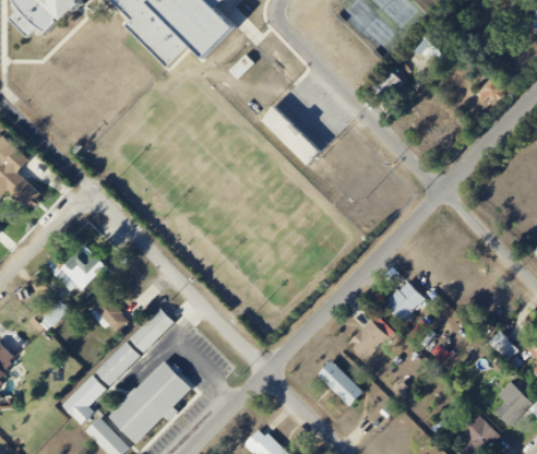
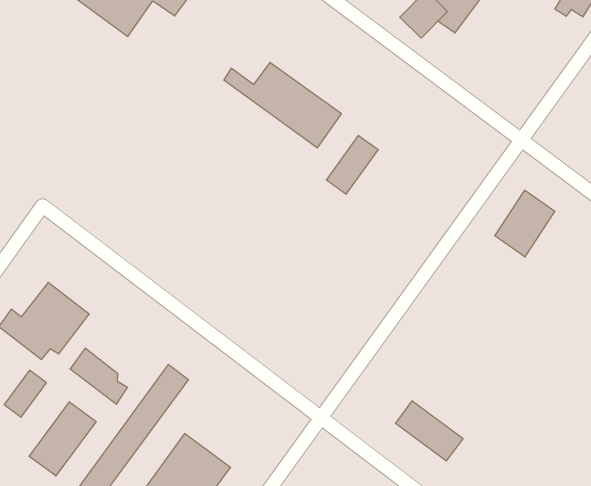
building: none -> [326,135,378,194]
building: [379,278,425,326] -> [495,190,555,257]
building: [346,320,387,361] -> none
building: none -> [29,402,96,476]

